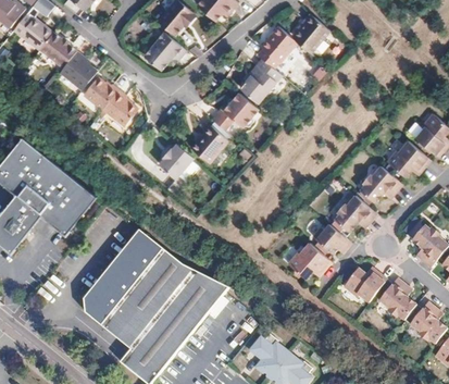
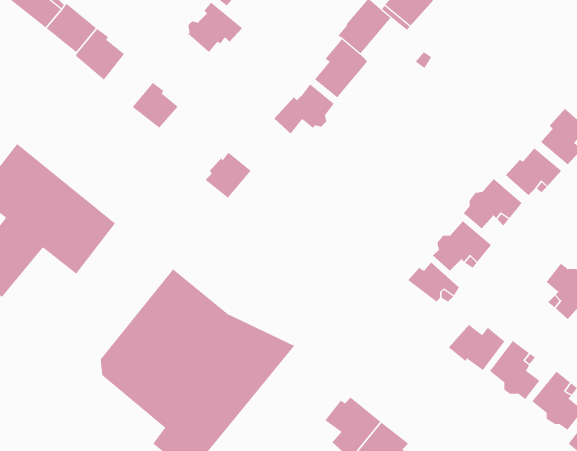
building: [86,76,121,110] -> none
building: [190,124,228,162] -> none
building: [288,245,330,281] -> none

